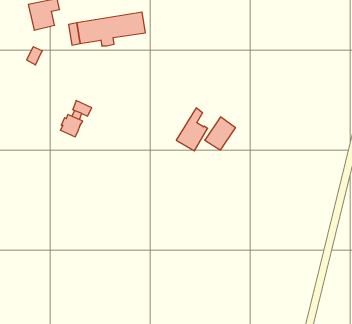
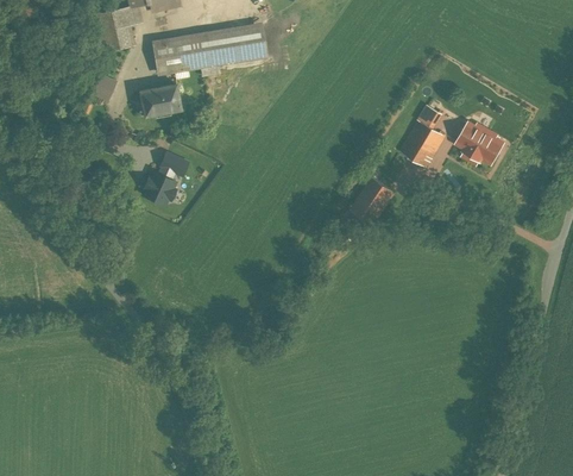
building: none -> [139,83,181,117]
building: none -> [455,123,502,163]
building: [176,108,208,151] -> [399,105,445,167]

